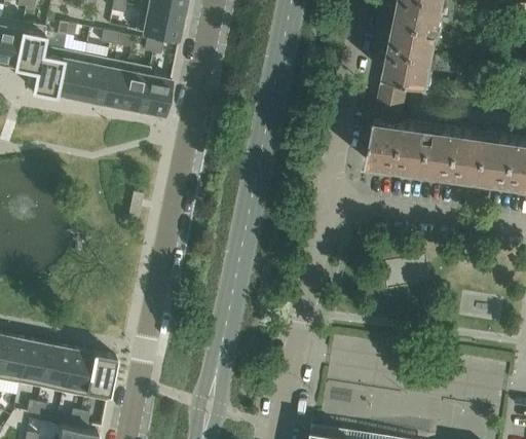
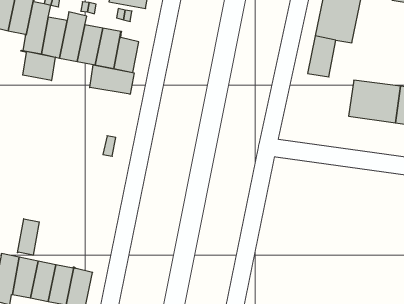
building: none -> [21,50,55,81]
building: none -> [90,65,134,94]
building: [366,120,429,172] -> none
building: none -> [17,219,39,255]

